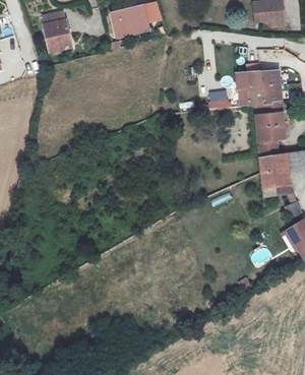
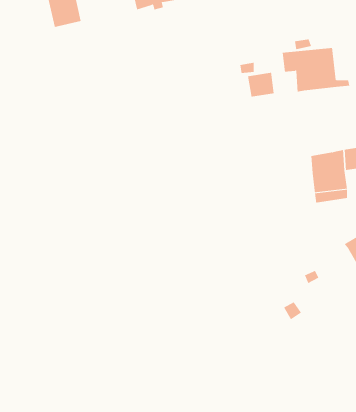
building: [254,102,285,158] -> none

